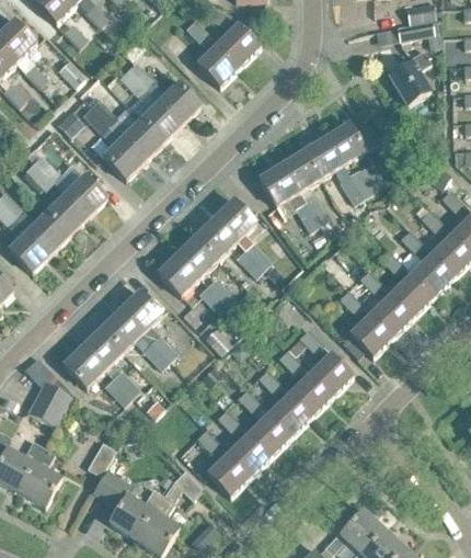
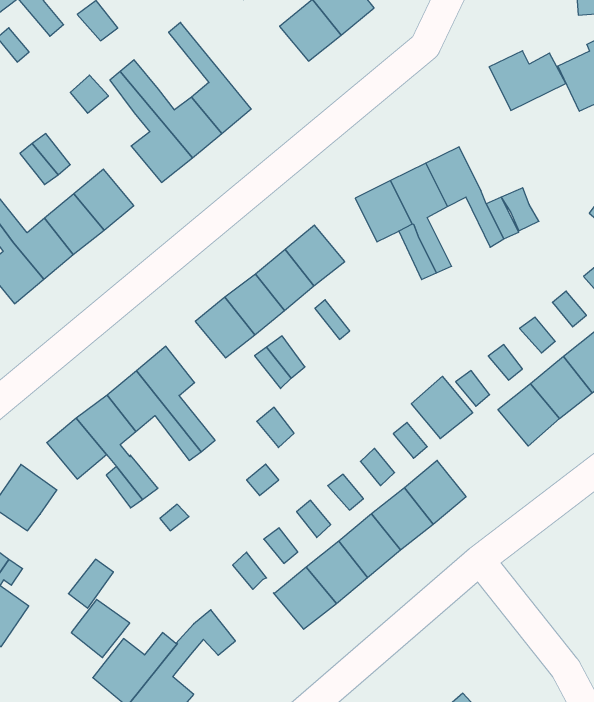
building: [128,60,200,123] -> none
building: [326,123,380,164] -> [489,51,566,110]
building: [349,314,392,356] -> [411,376,473,439]
building: [206,453,250,497] -> none

